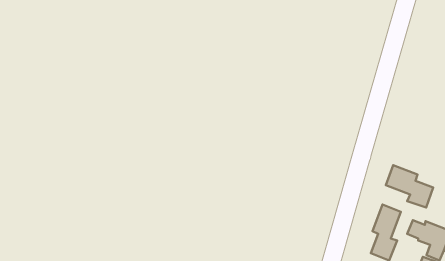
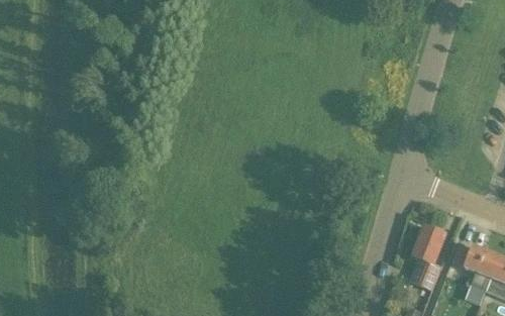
building: [386,165,433,208] -> none

